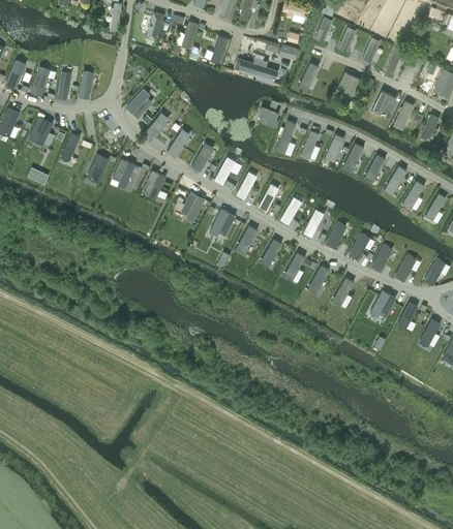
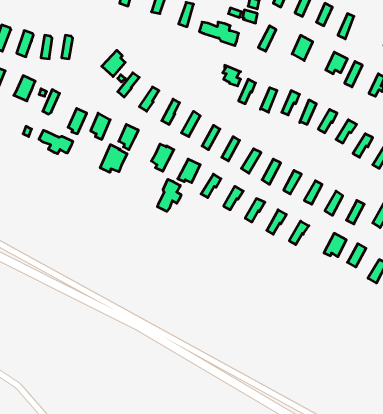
building: none -> [39,130,73,154]
building: none -> [100,145,127,172]
building: none -> [157,179,181,211]

